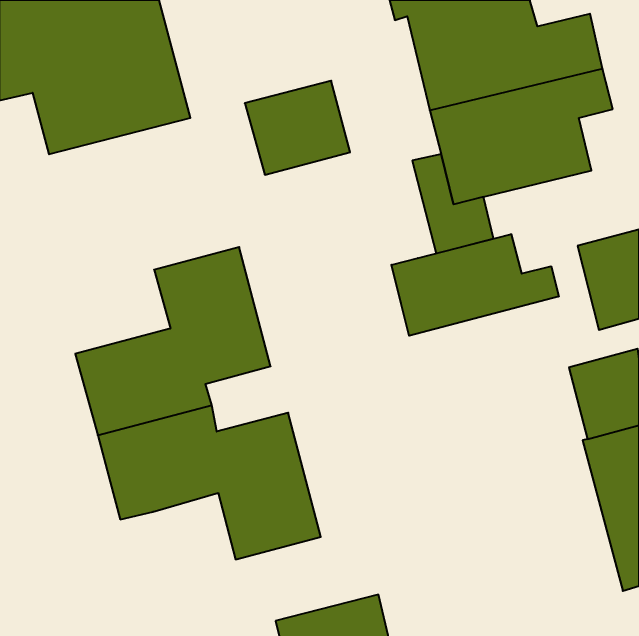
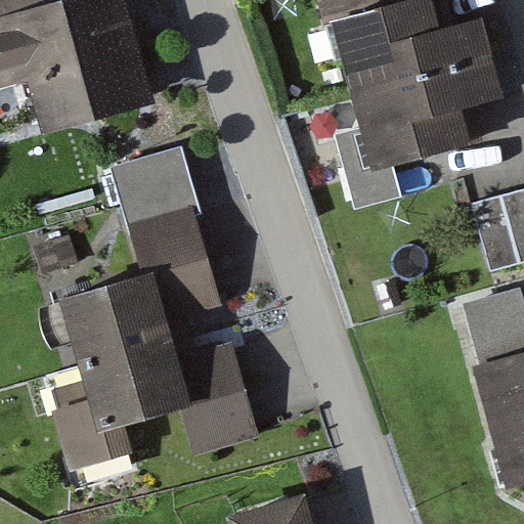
building: [245,81,350,175] -> [110,147,195,224]
building: [391,234,559,336] -> none
building: none -> [52,397,133,470]

